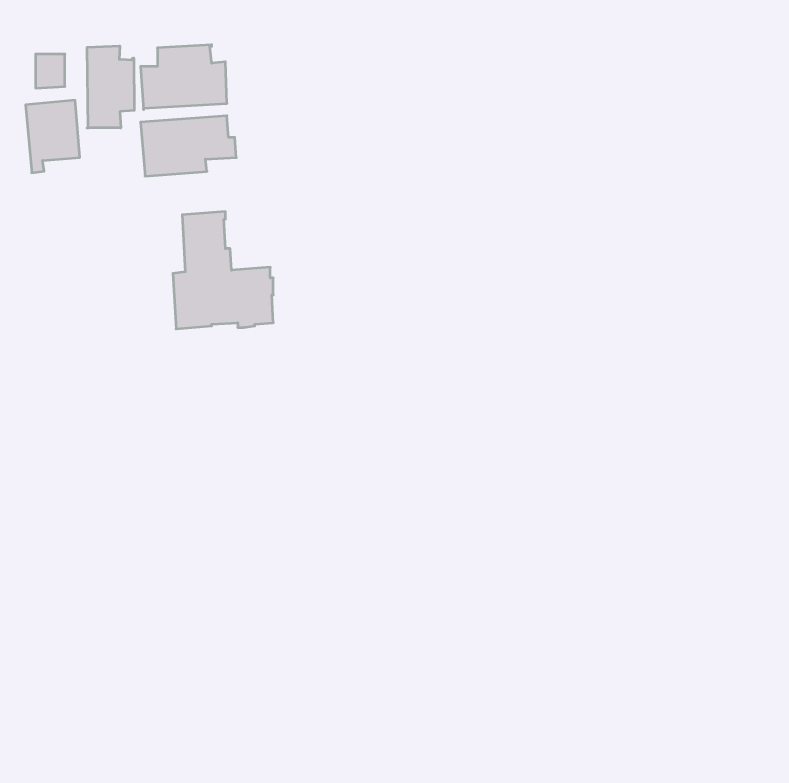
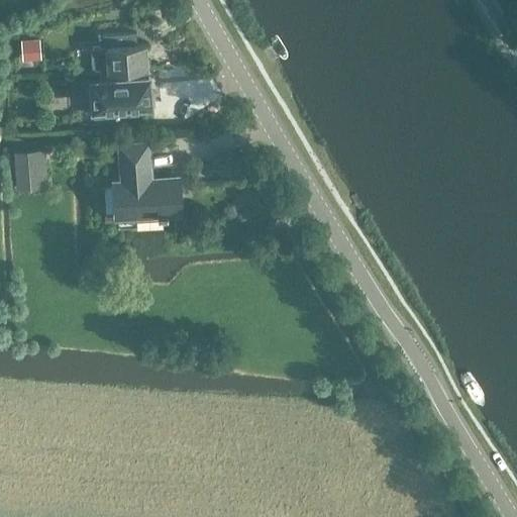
building: [87,46,134,128] -> none
building: [26,100,80,173] -> [7,152,42,200]

